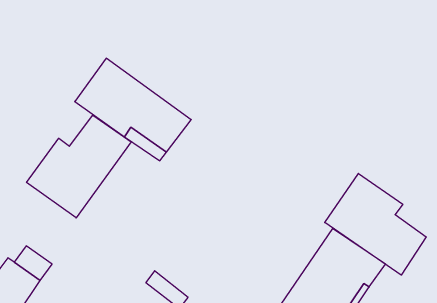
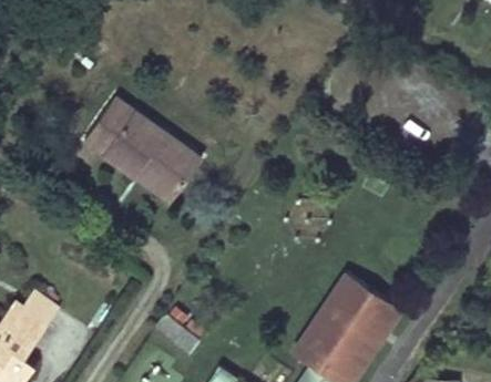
building: [27,115,131,218] -> none
building: [325,173,426,275] -> none

